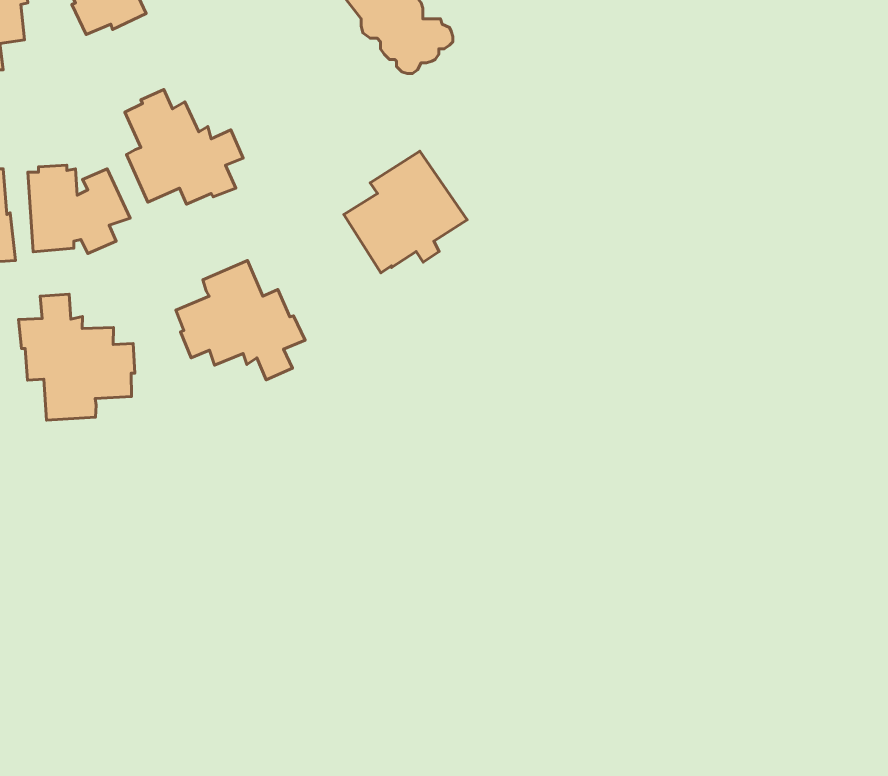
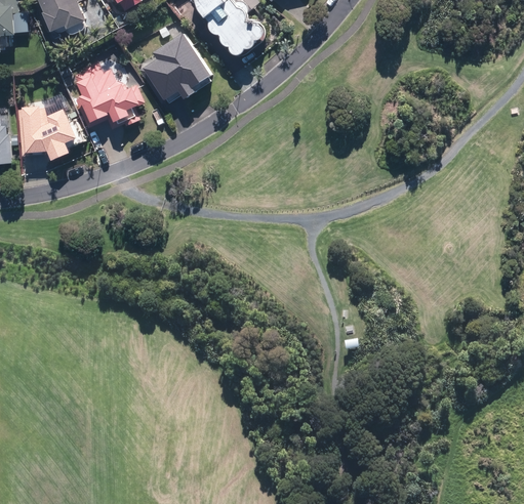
building: [344,151,467,273] -> [138,33,210,103]
building: [176,261,305,380] -> none
building: [18,294,135,420] -> none

